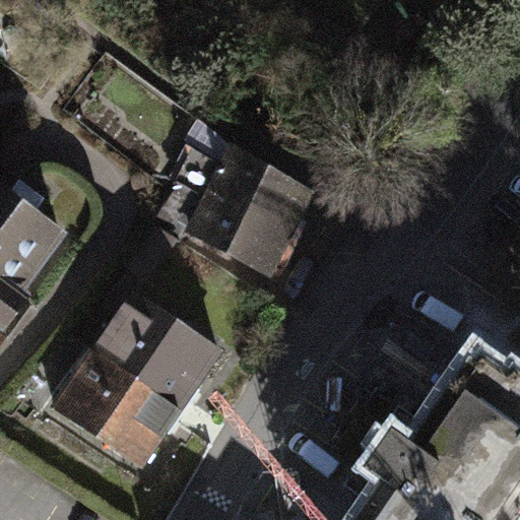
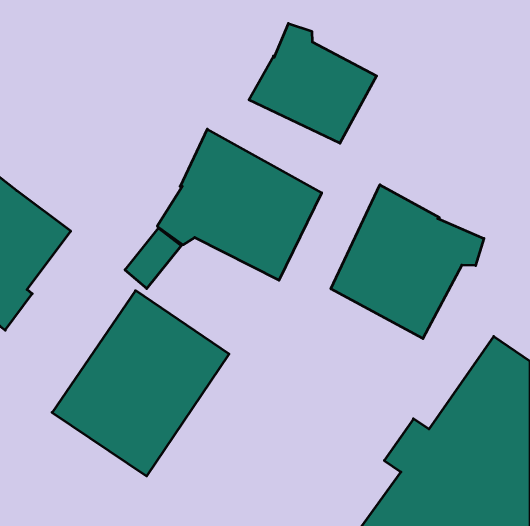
building: none -> [249,23,377,143]
building: none -> [331,185,484,339]

